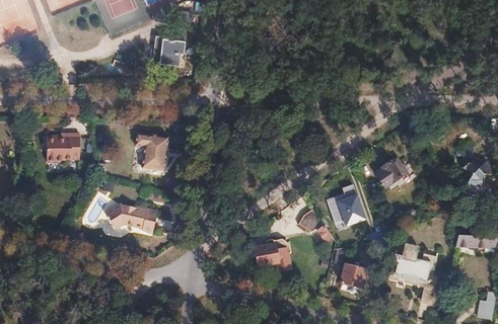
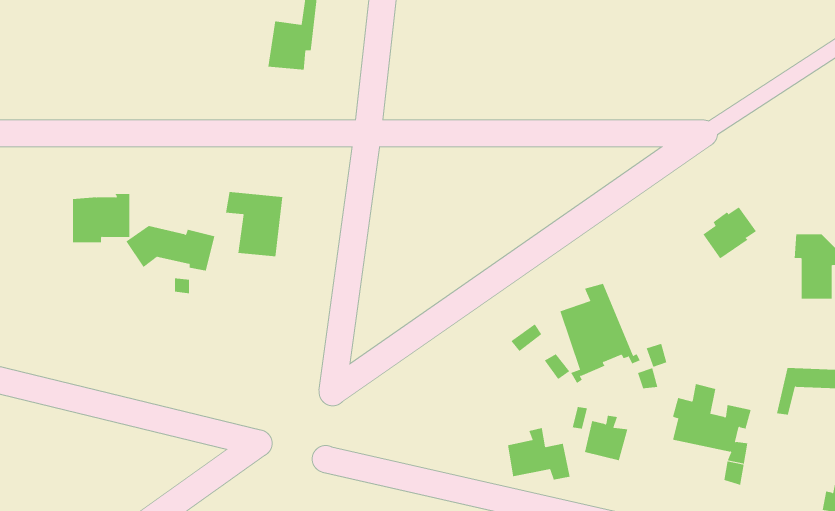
building: [375,158,407,188] -> [702,206,757,259]
building: [108,204,159,230] -> [126,226,215,271]
building: [254,238,290,268] -> [507,427,571,480]

